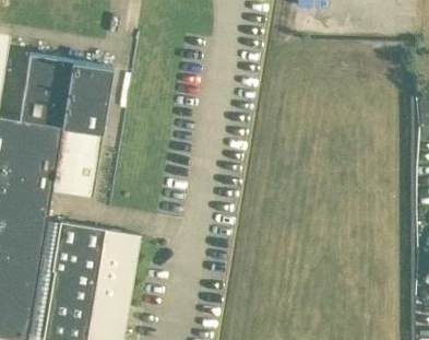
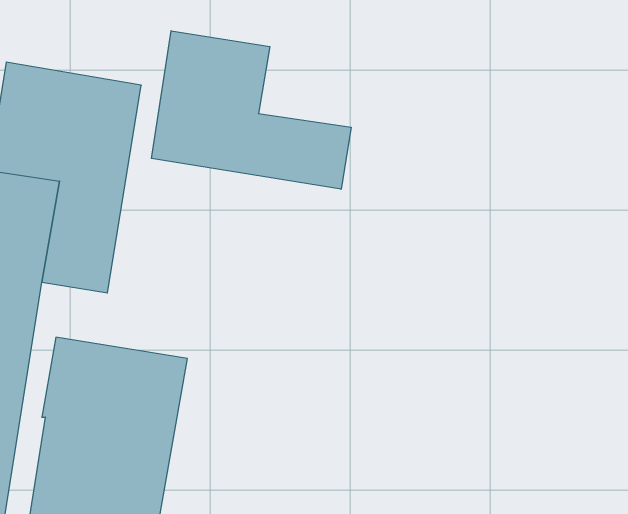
building: none -> [151,31,351,189]

